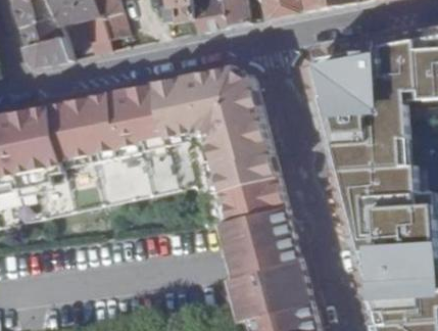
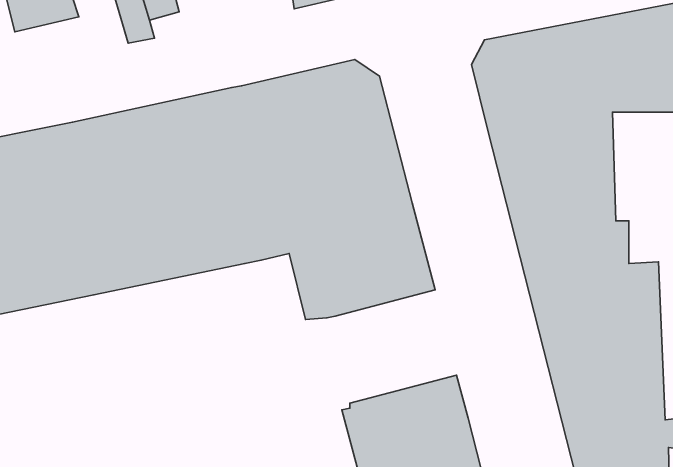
building: [26,38,71,65] -> none
building: [220,207,300,278] -> none

